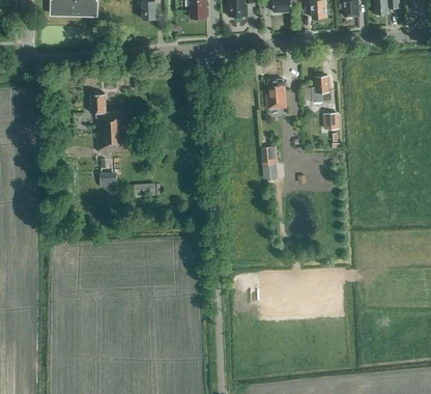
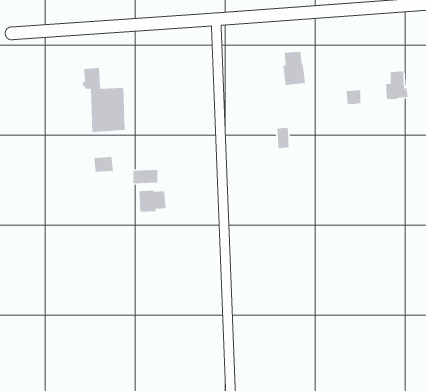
building: [311,76,332,102] -> [385,70,408,100]
building: none -> [138,190,166,213]

